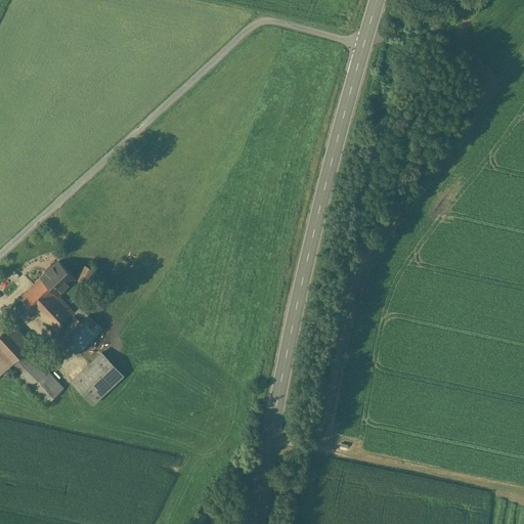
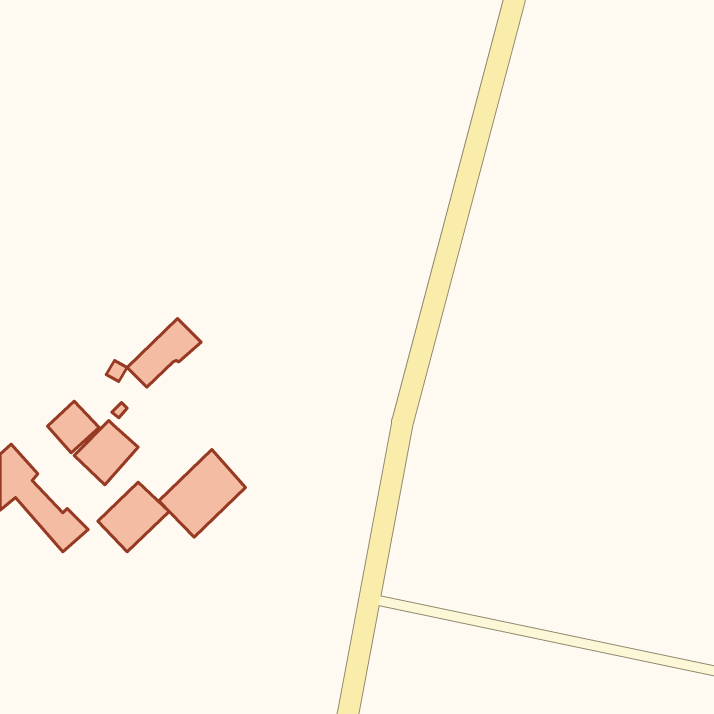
building: [20,262,75,312] -> [127,319,201,387]
building: none -> [159,450,245,537]

